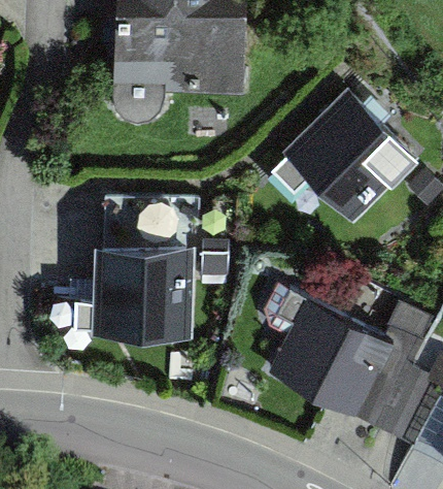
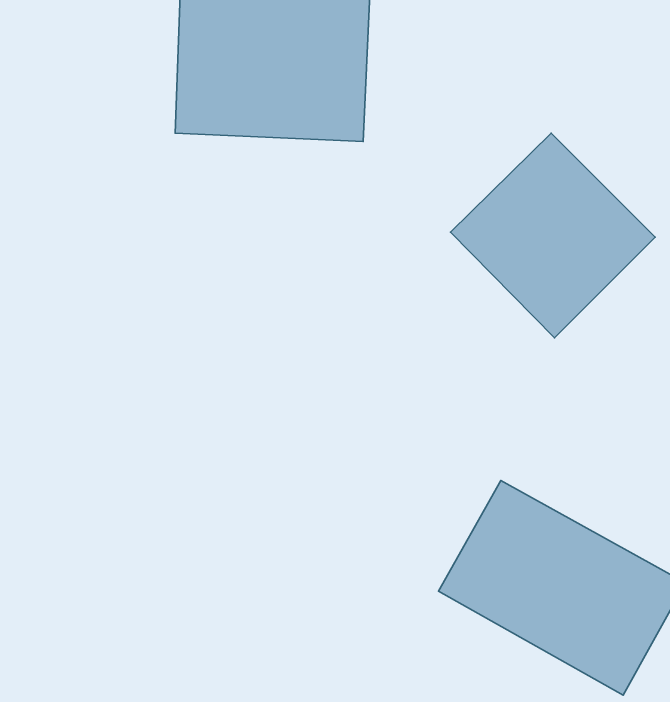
building: [100,199,192,339] -> none

